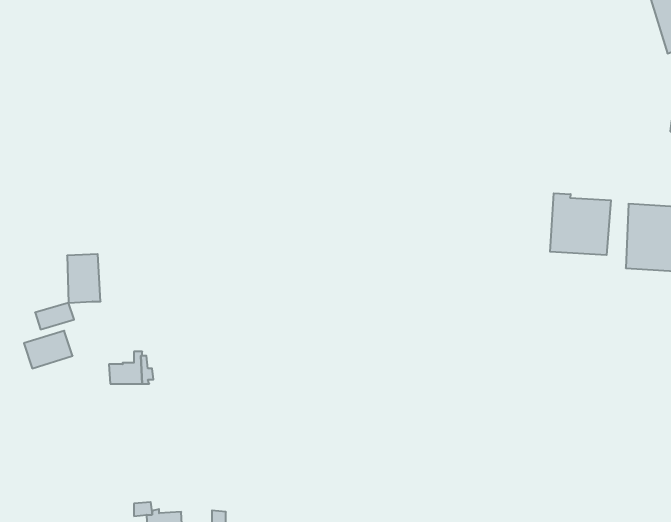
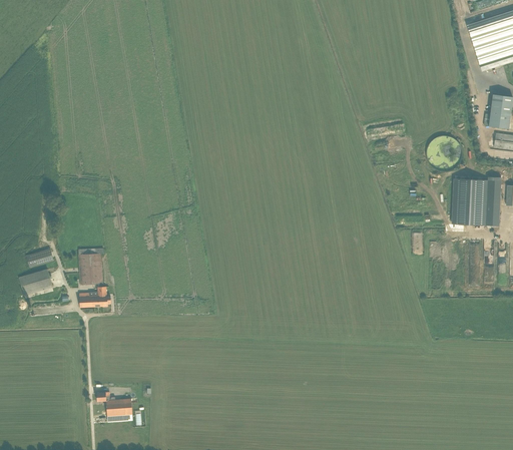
building: [550,193,611,255] -> none
building: [67,254,101,303] -> [79,249,103,284]

